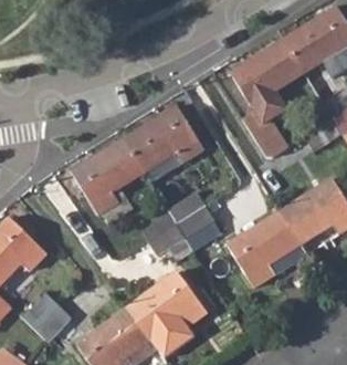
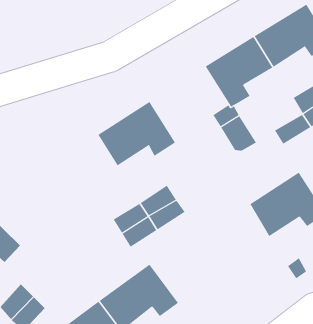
building: [72,140,145,216] -> none
building: [228,211,306,288] -> none

